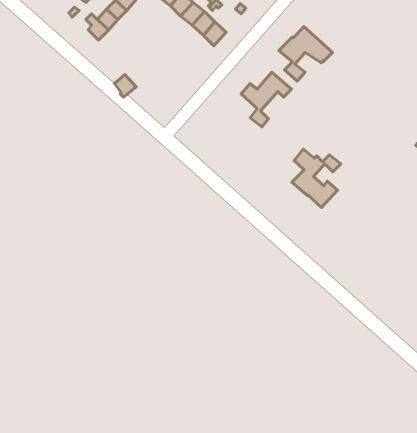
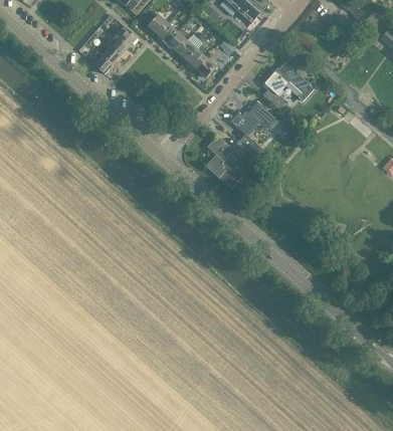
building: [292,149,341,207] -> [204,137,247,188]

